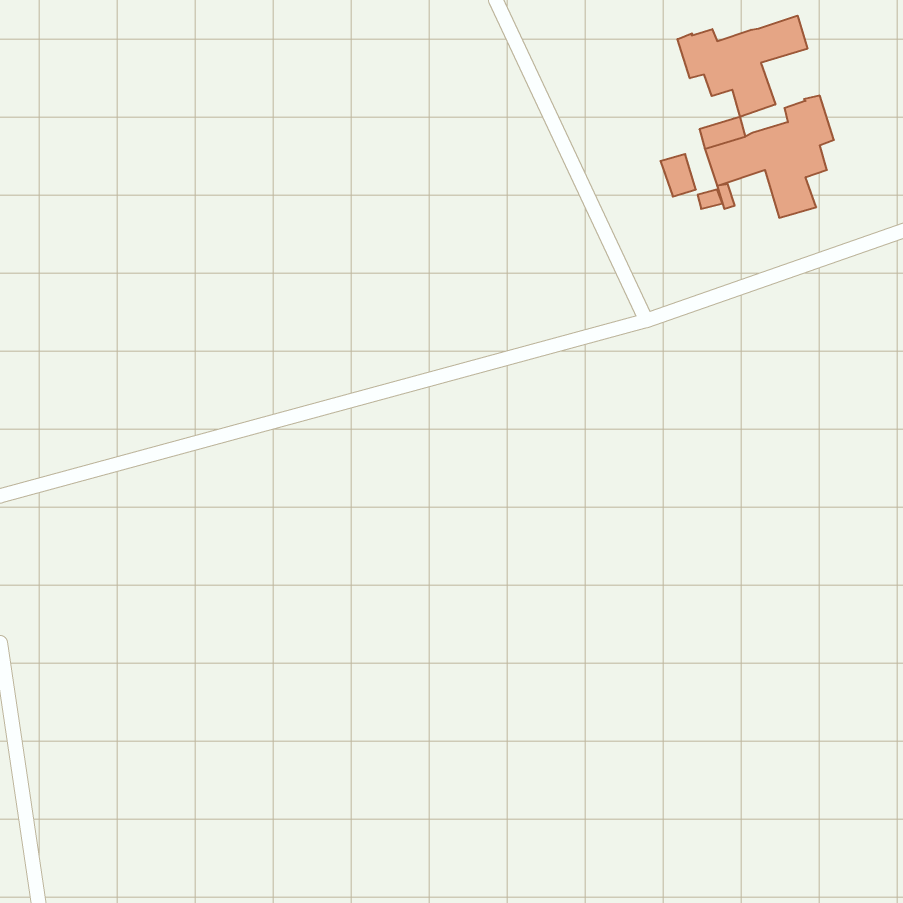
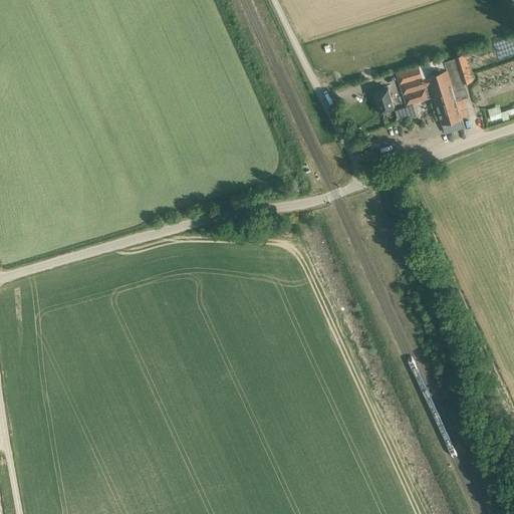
building: [677,16,807,117] -> none

